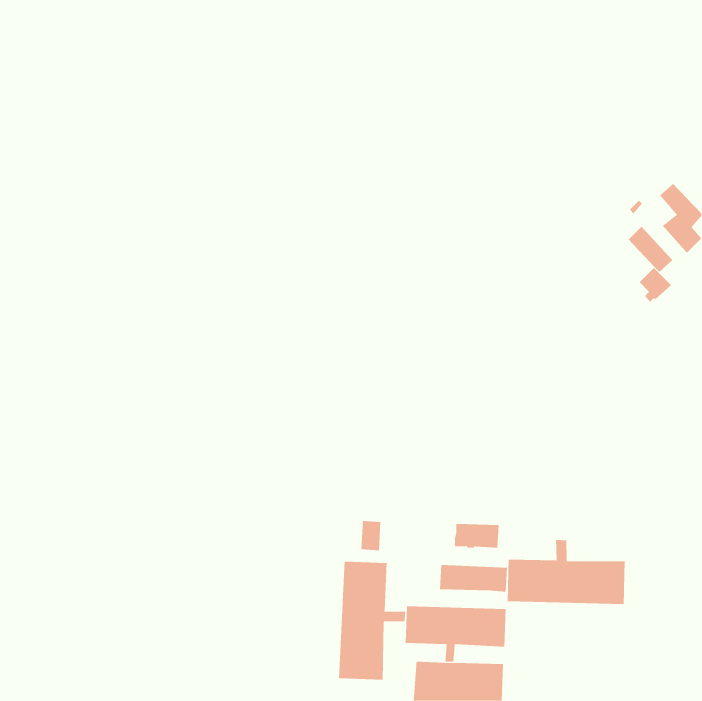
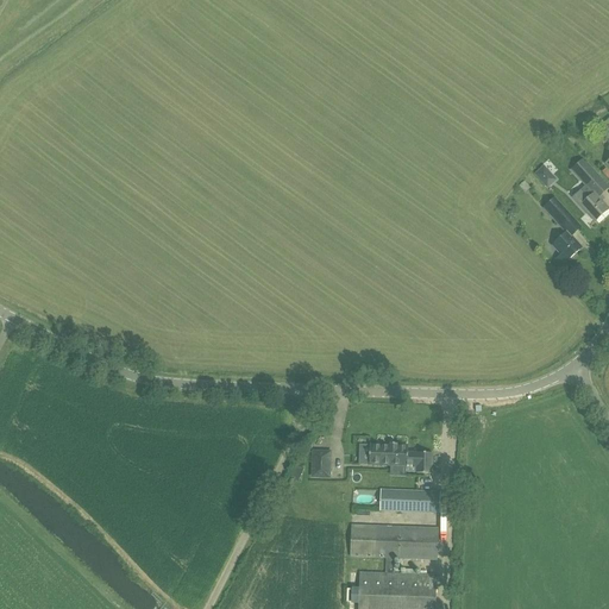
building: none -> [368,444,395,465]
building: [507,539,625,605] -> none
building: [339,561,406,681] -> none

